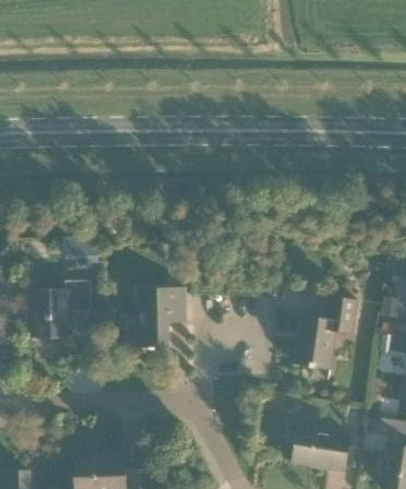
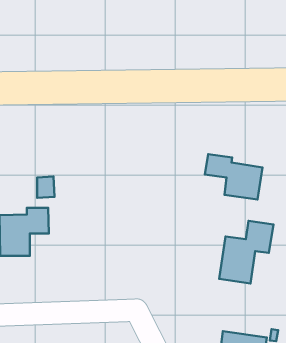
building: none -> [205,154,262,199]
building: [136,289,186,347] -> none

